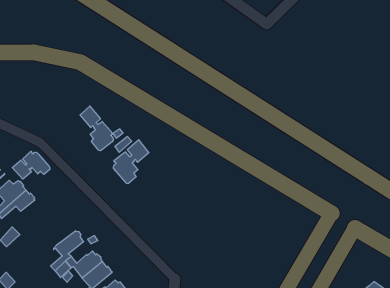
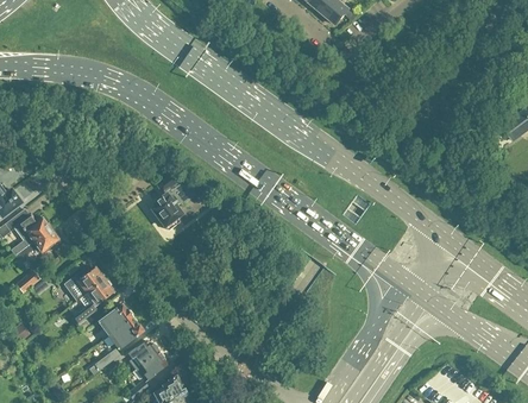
building: [80,106,113,151] -> none
building: [12,151,50,179] -> none
building: none -> [62,269,103,302]

